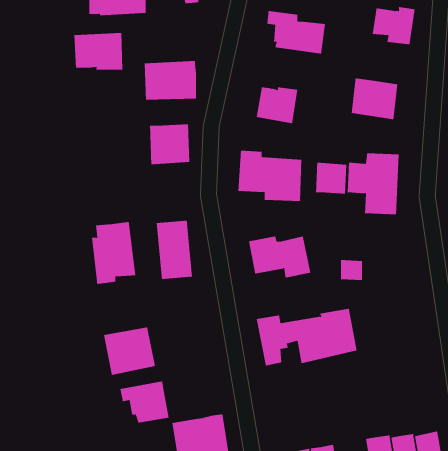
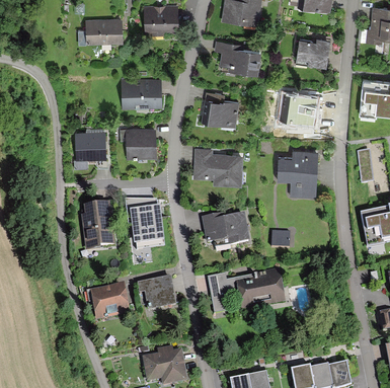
building: [74,32,123,71] -> none
building: none -> [74,131,106,169]
building: [316,162,347,194] -> none
building: [119,381,170,423] -> [138,277,176,309]

